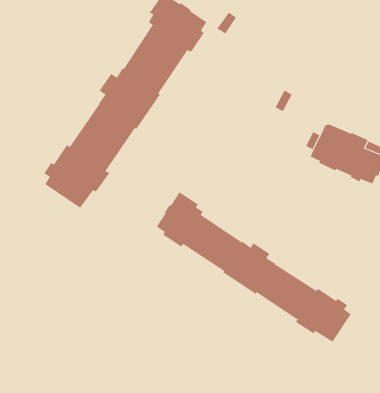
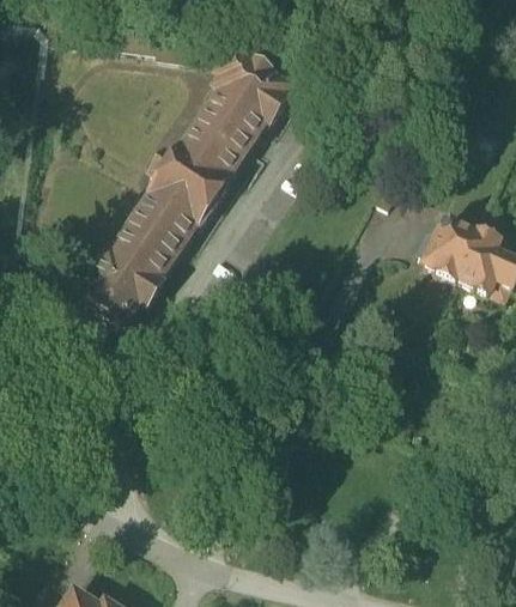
building: [156,192,352,343] -> none

